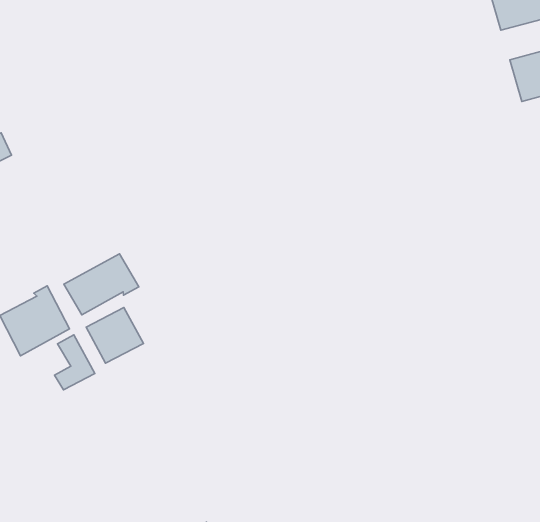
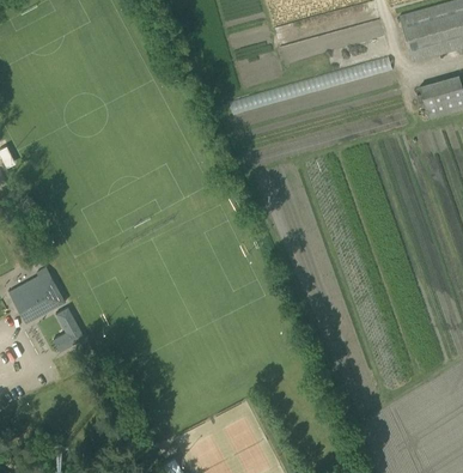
building: [64,254,139,315] -> none
building: [86,307,143,363] -> none

